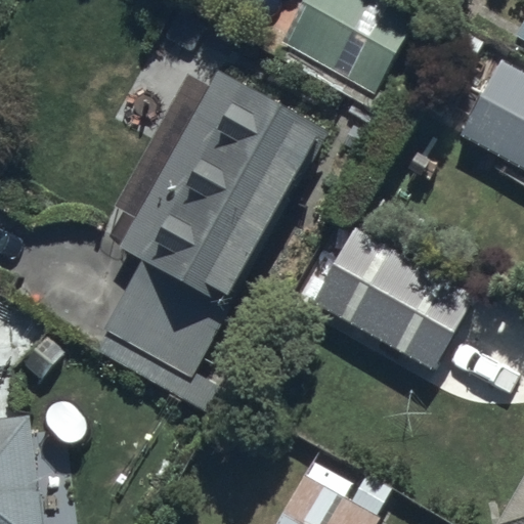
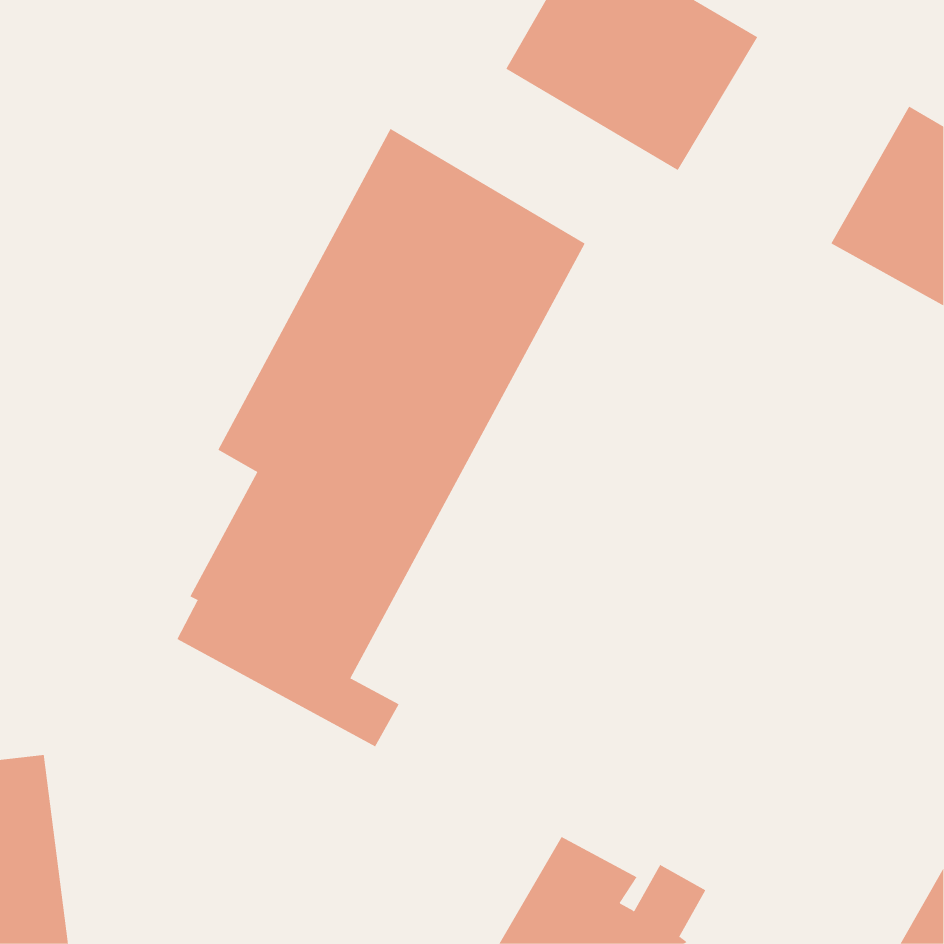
building: [310,223,475,369] -> none

